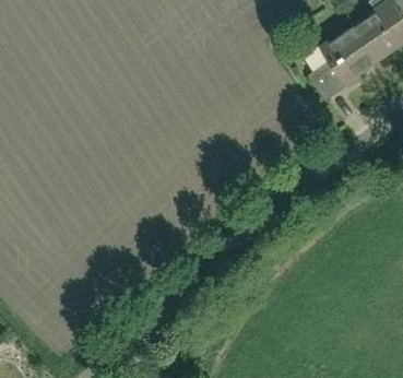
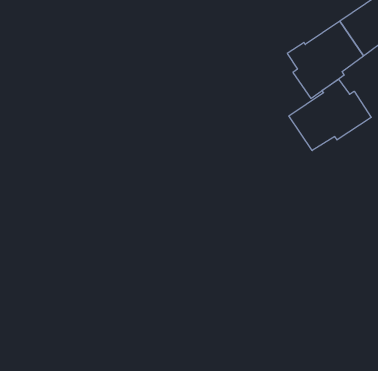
building: none -> [289,79,371,151]

